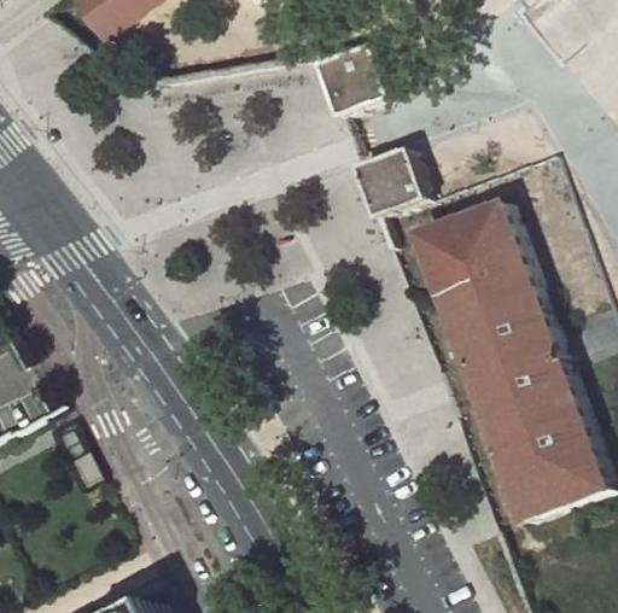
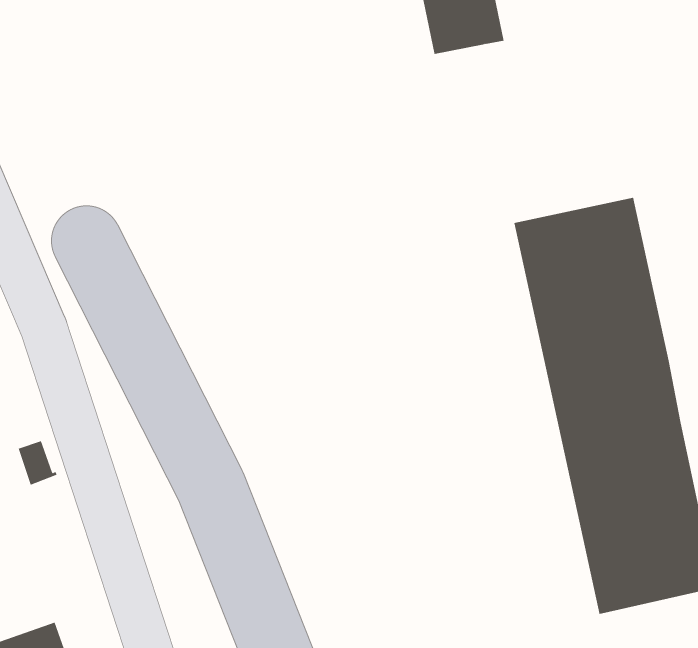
building: [351,148,421,227] -> none

